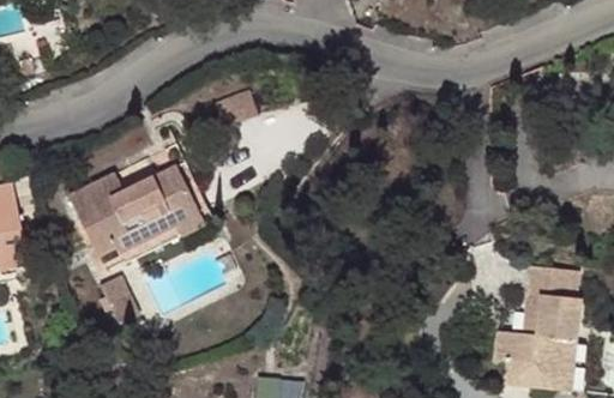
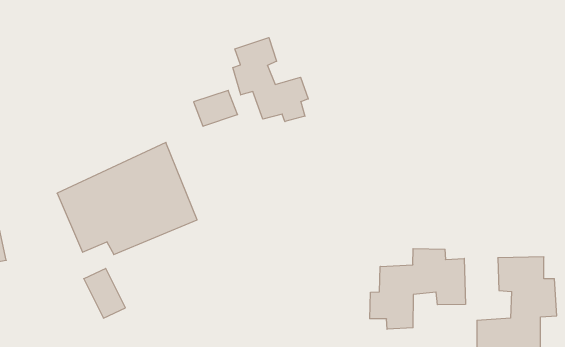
building: none -> [233,38,308,122]
building: none -> [370,249,465,329]

